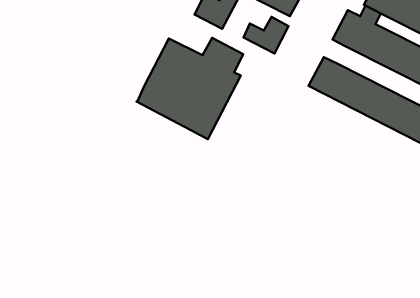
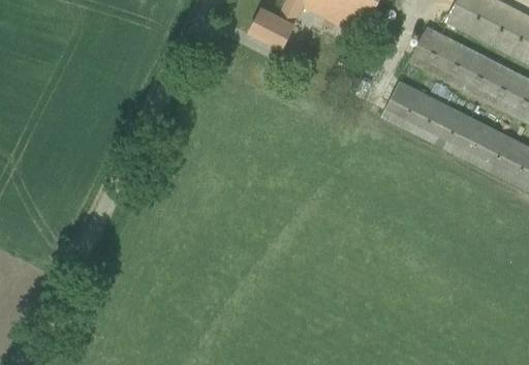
building: [243,17,289,53] -> none
building: [137,38,243,139] -> none

